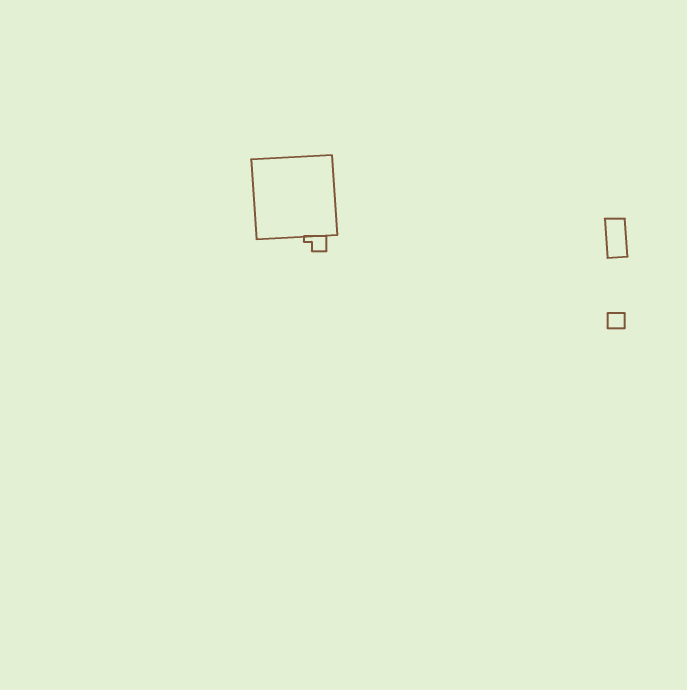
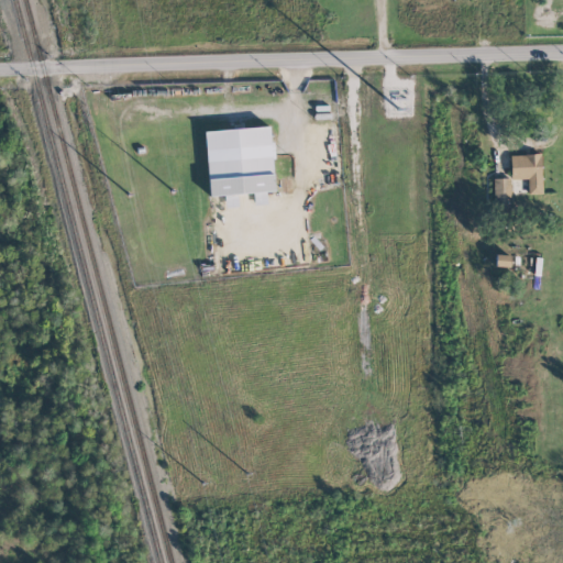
building: none -> [512,154,544,195]

